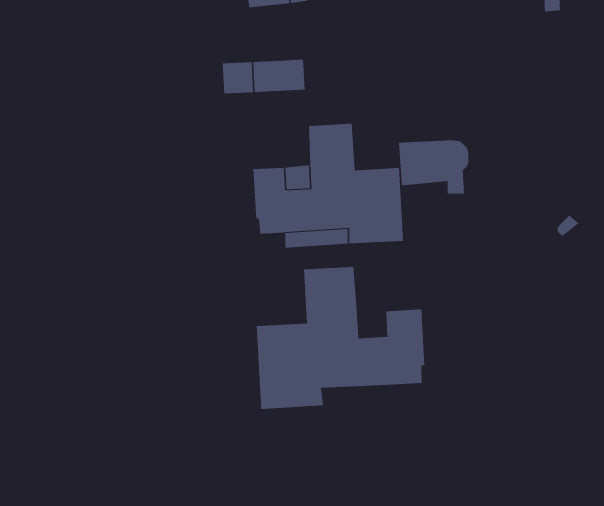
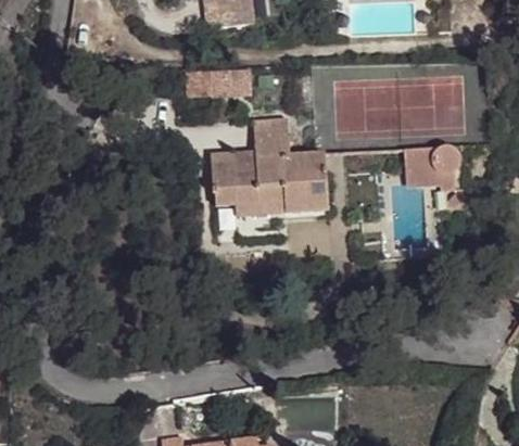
building: [398,140,469,194] -> [403,146,458,189]
building: [256,266,425,410] -> none

